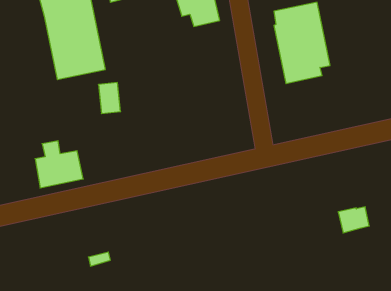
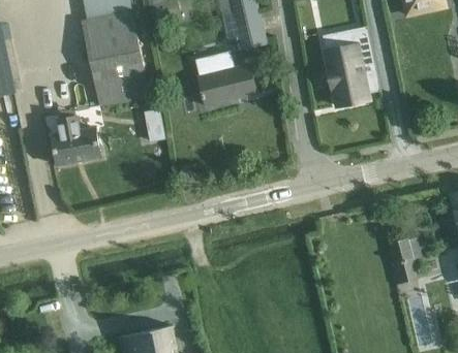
building: none -> [194,51,255,105]
building: [35,141,83,188] -> [52,117,101,165]

